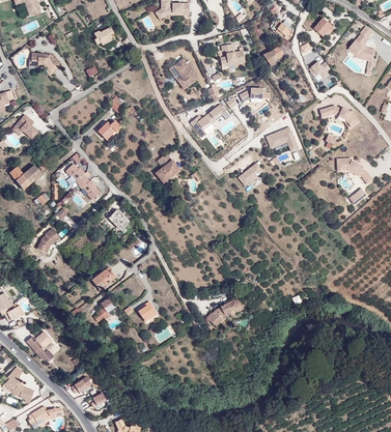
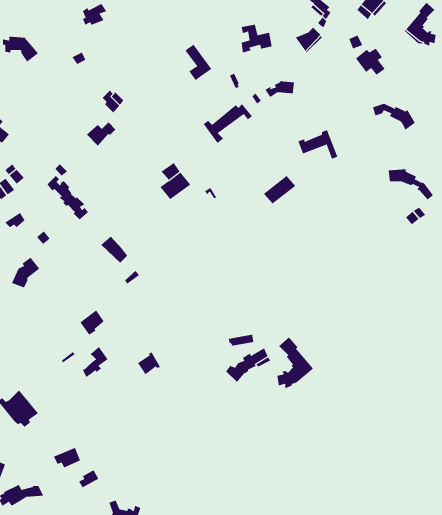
building: none -> [277,337,314,389]

